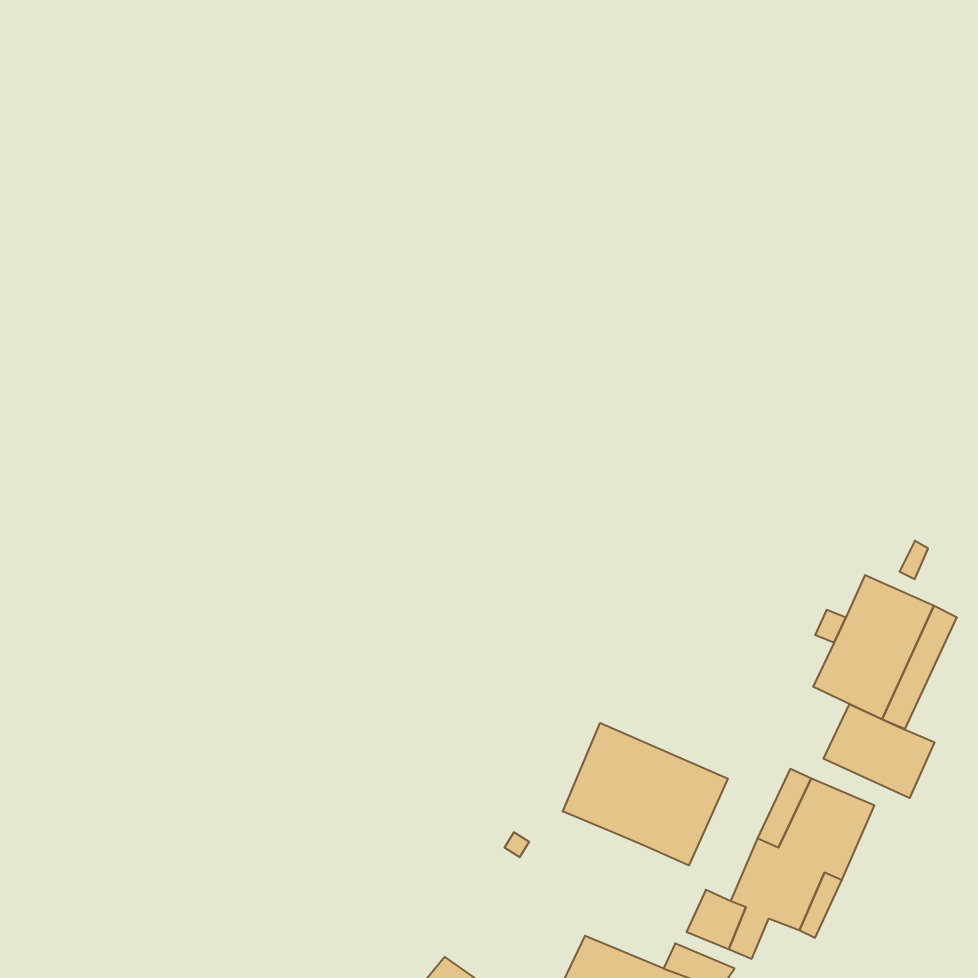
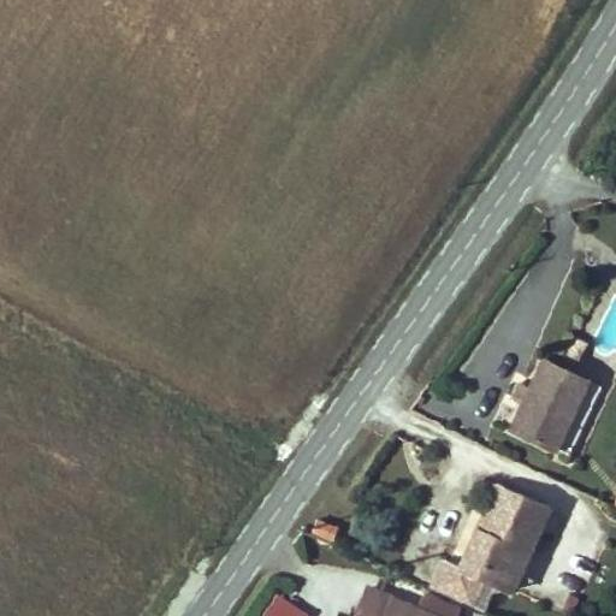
building: [824,704,934,798] -> none
building: [563,723,728,865] -> none

